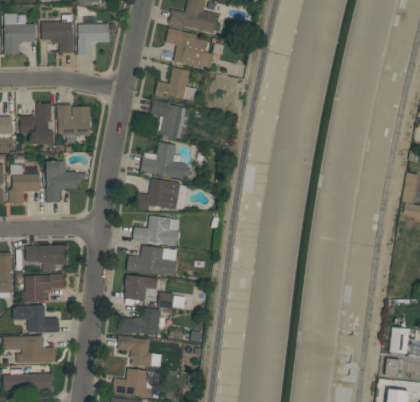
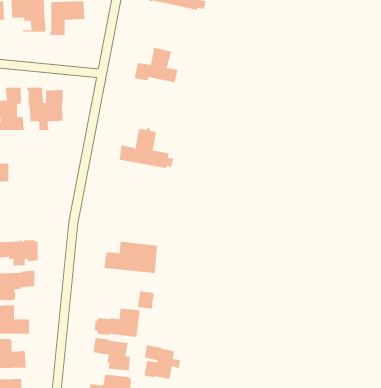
building: [166,28,210,67] -> none
building: [149,99,190,142] -> none
building: [46,161,78,203] -> none
building: [135,178,187,210] -> none
building: [133,216,180,246] -> none
building: [124,274,158,301] -> none
building: none -> [144,344,181,380]

